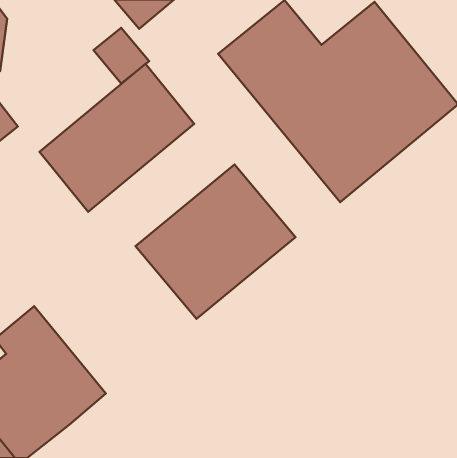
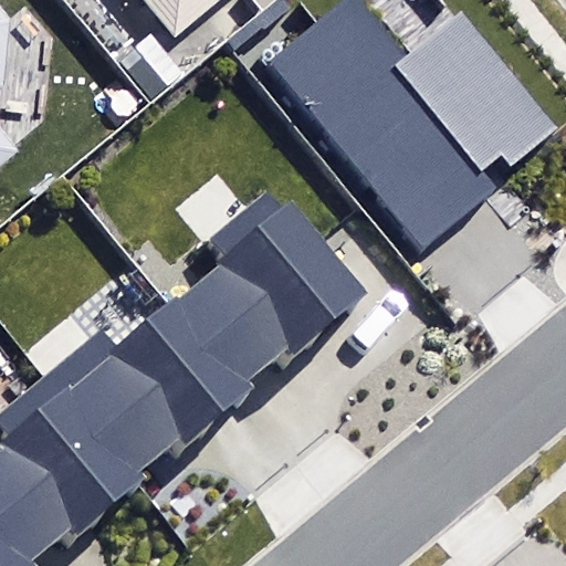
building: [39,64,194,212] -> none
building: none -> [42,303,242,484]

